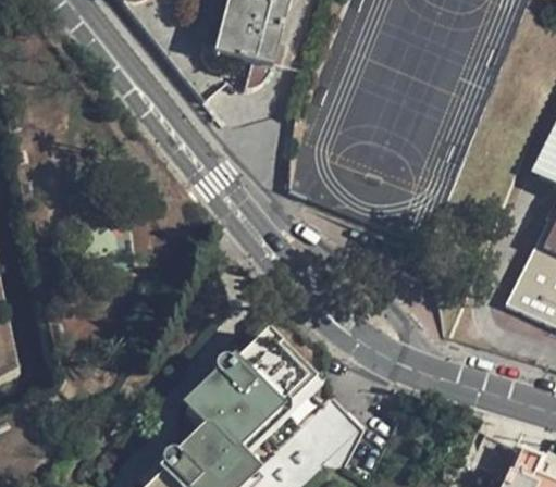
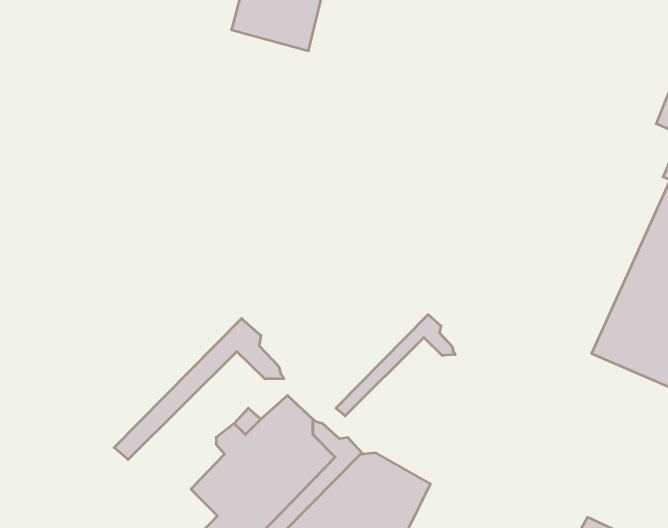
building: none -> [336,315,455,416]
building: none -> [114,318,284,460]

